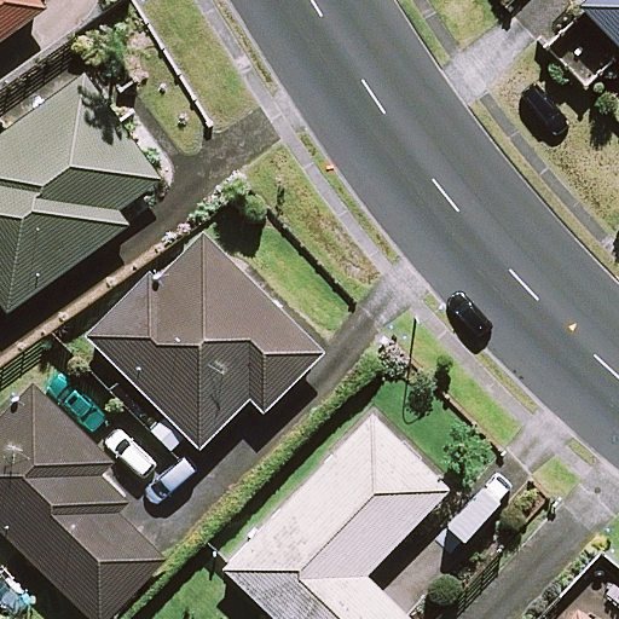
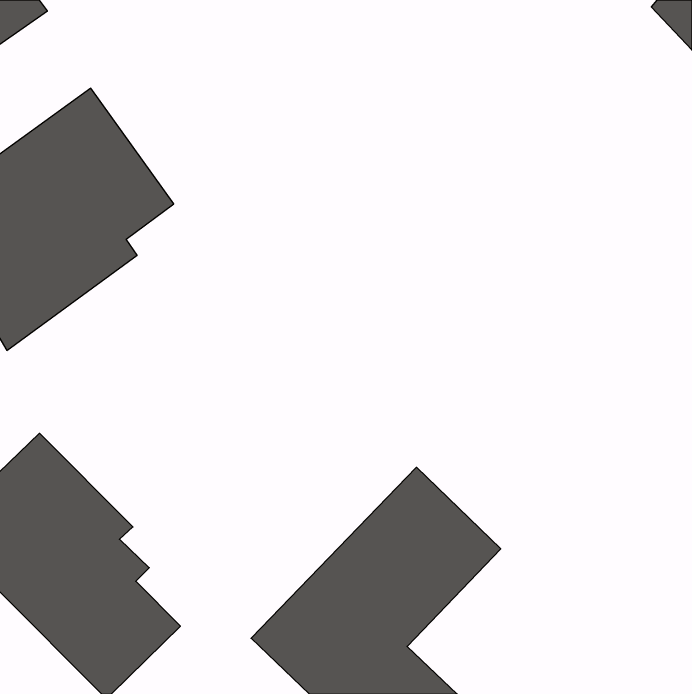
building: [87,233,322,447] -> none

